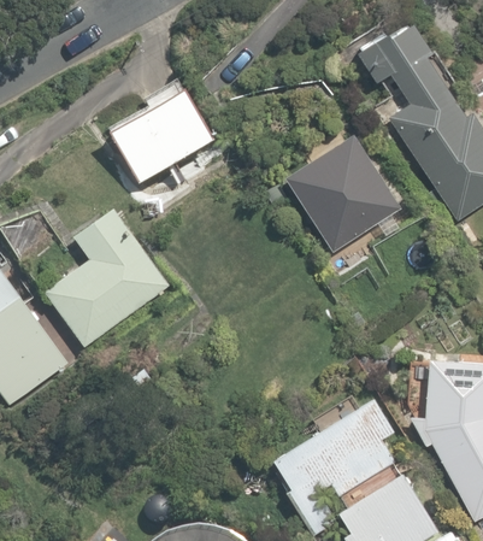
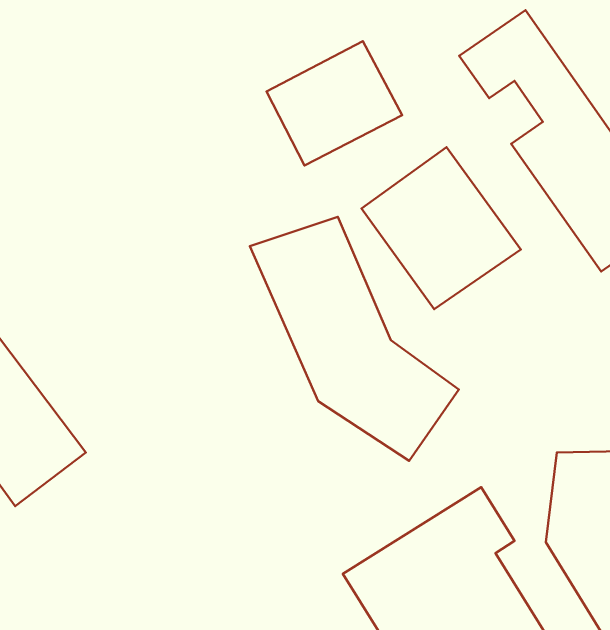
building: [100,88,204,183] -> [267,41,402,165]
building: none -> [250,217,459,461]
building: [41,202,173,351] -> none

